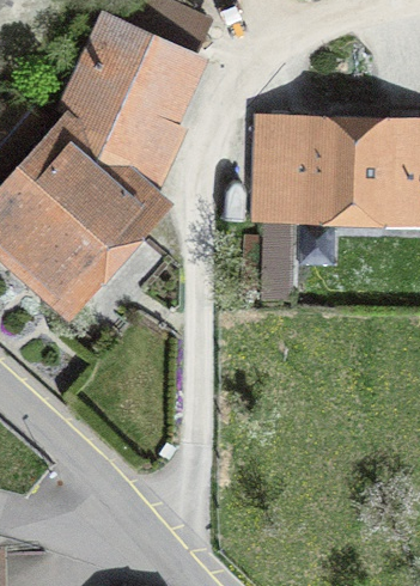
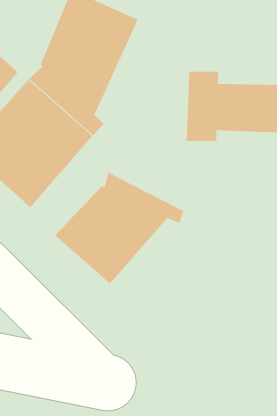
building: none -> [54,172,184,285]

